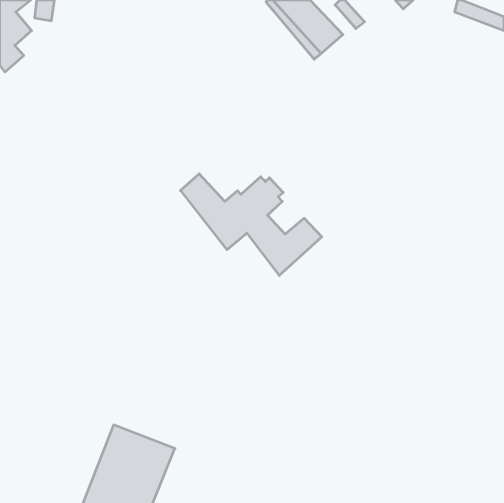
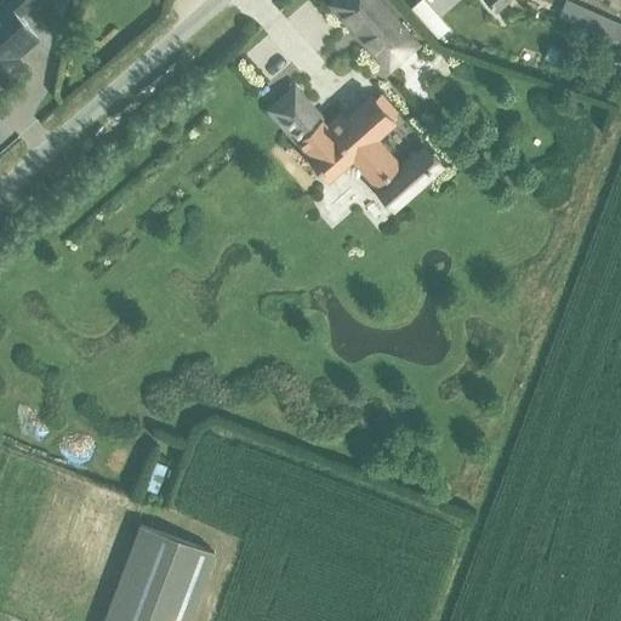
building: [180,174,322,276] -> [270,90,444,215]

